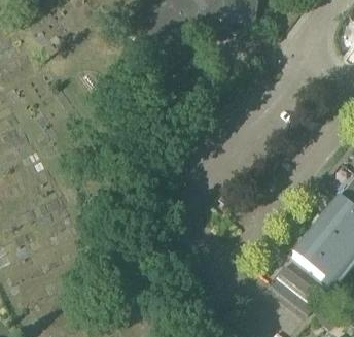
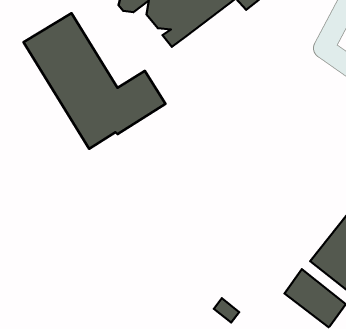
building: none -> [24,13,166,149]

